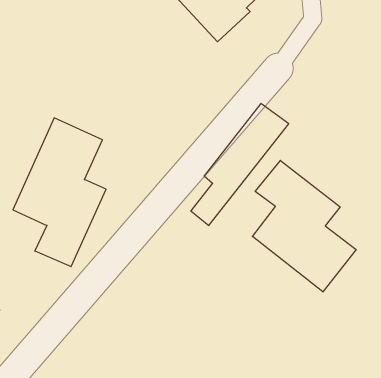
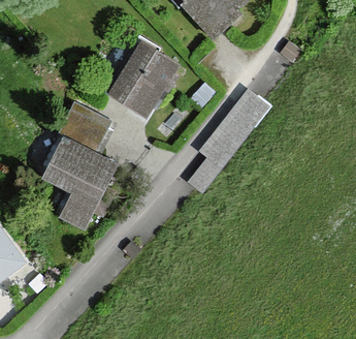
building: none -> [107,37,179,115]
building: [252,160,356,292] -> none

